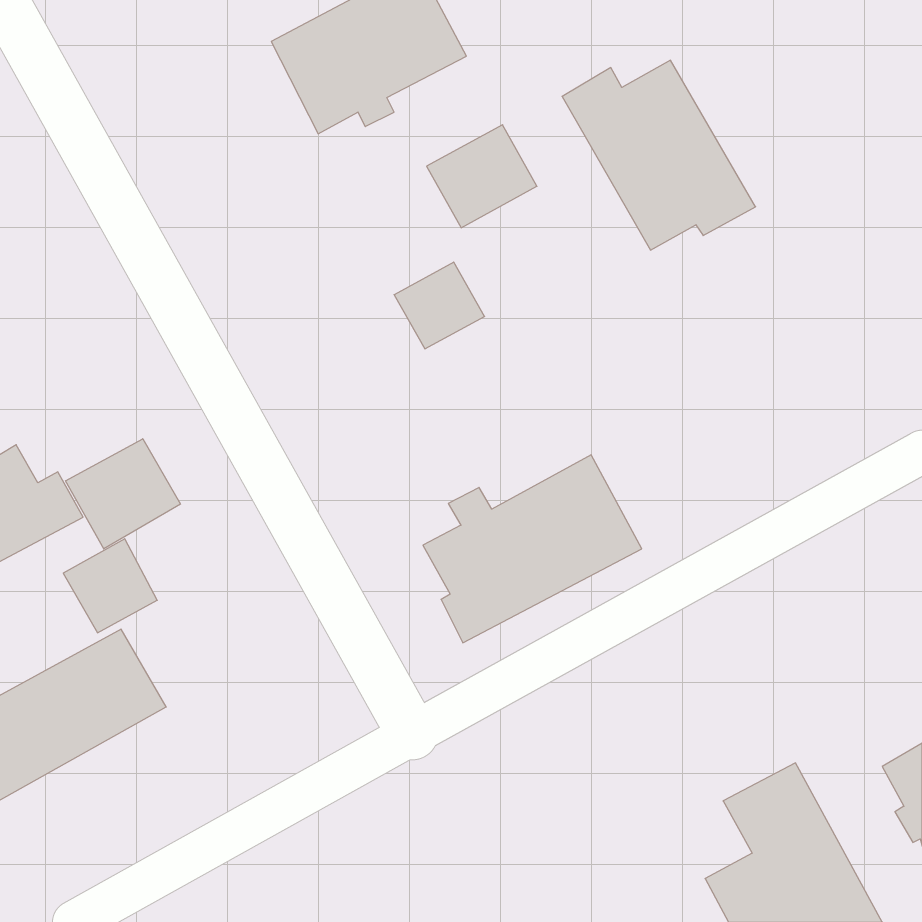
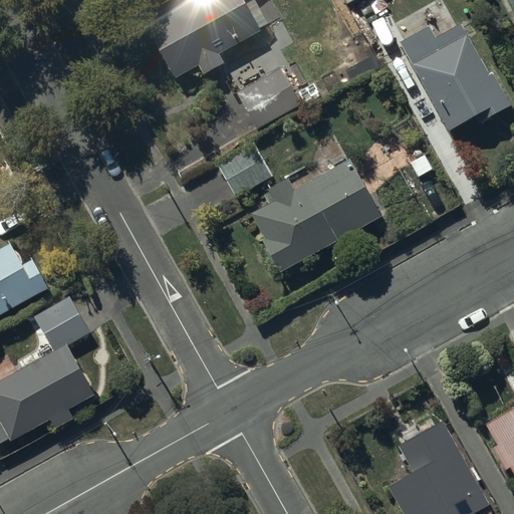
building: [562,60,756,250] -> [401,24,508,130]
building: [66,439,180,549] -> none
building: [423,455,642,643] -> [256,163,377,267]

